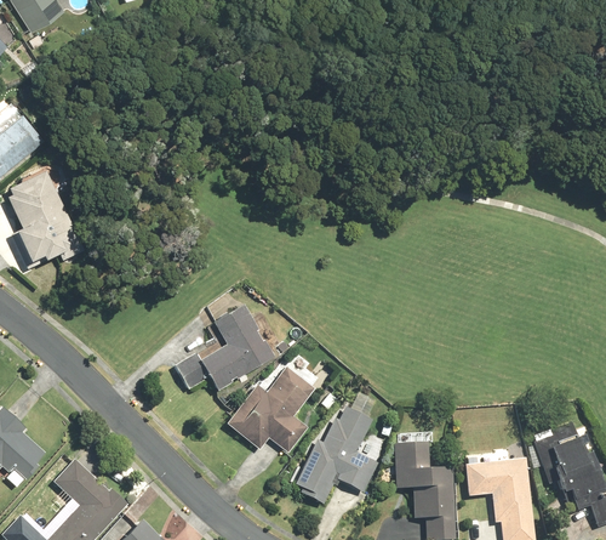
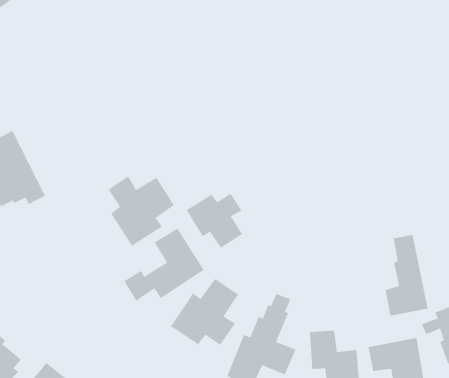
building: none -> [108,176,175,247]
building: none -> [186,193,243,249]
building: none -> [385,234,428,316]

